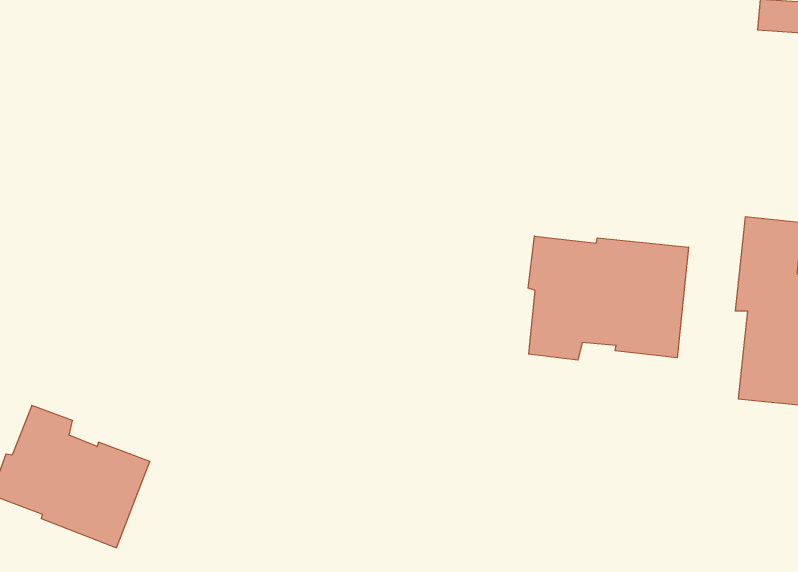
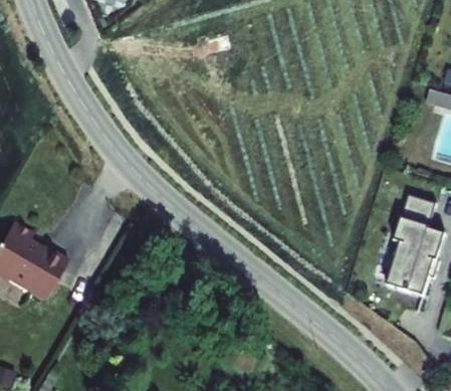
building: [528,236,688,360] -> none

